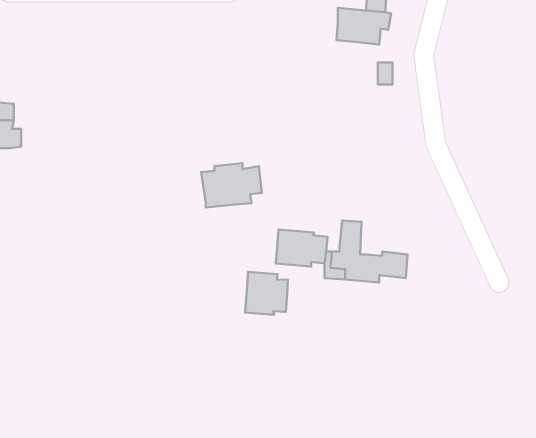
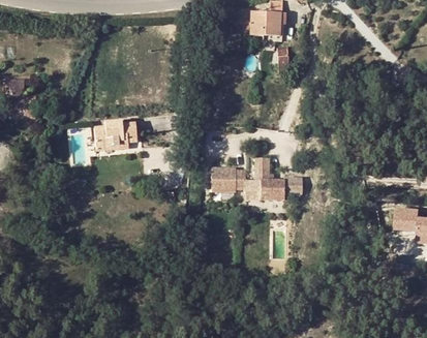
building: [201,163,262,208] -> [94,118,136,149]
building: [245,272,288,315] -> none

